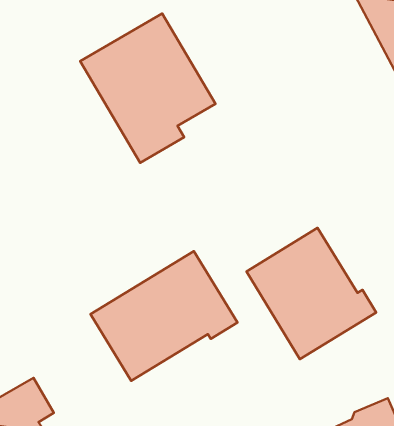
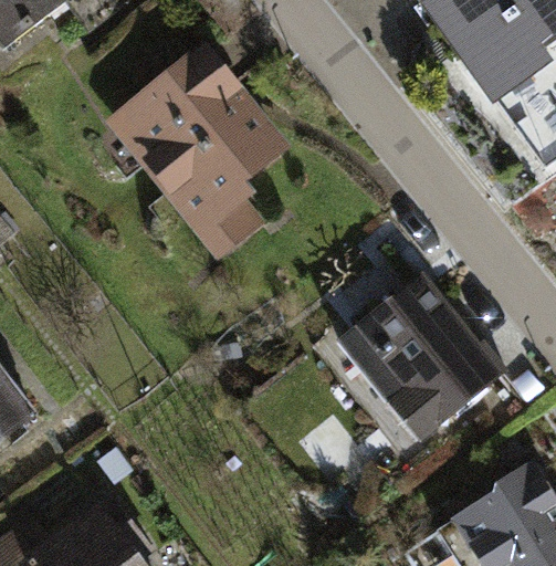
building: [91,251,237,381] -> none

